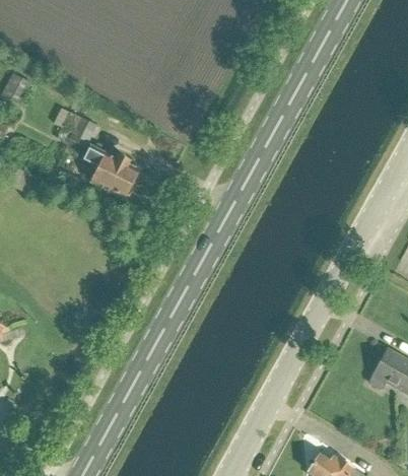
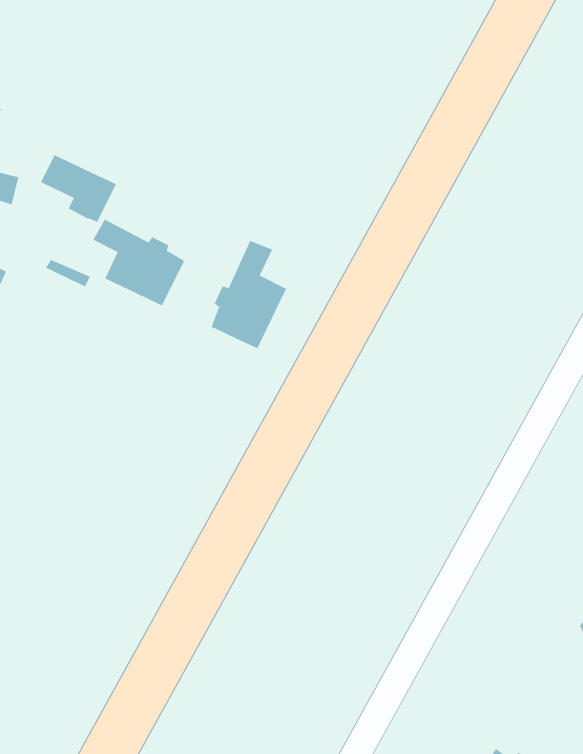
building: none -> [211,240,287,349]

